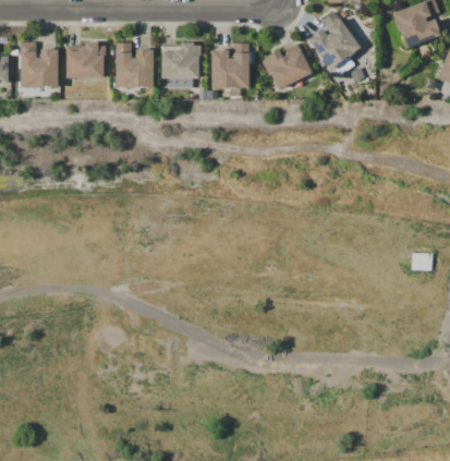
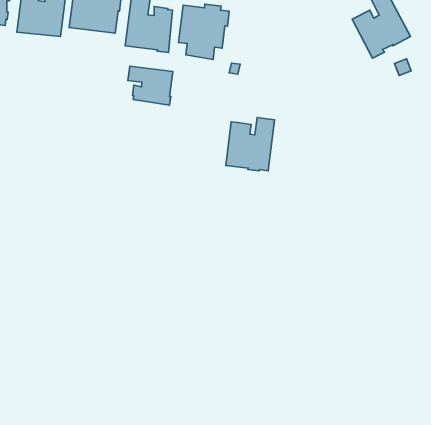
building: [211,44,248,89] -> [226,118,275,171]
building: [263,45,312,89] -> none
building: none -> [128,66,173,105]

